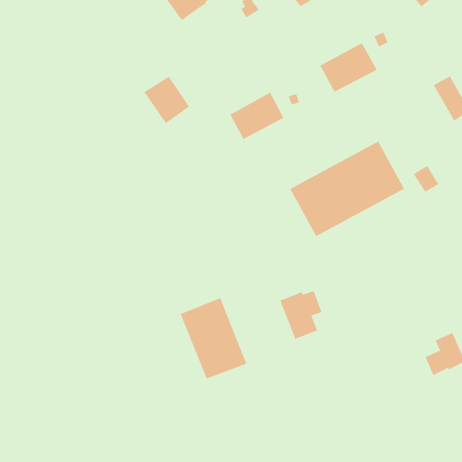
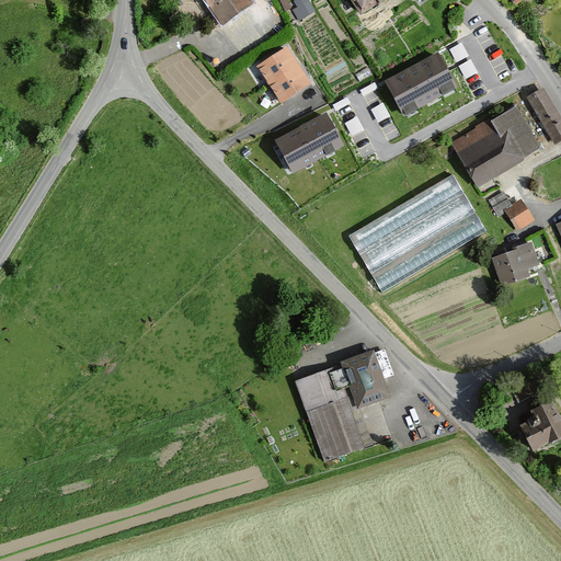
building: [144,76,190,124] -> [252,48,308,106]
building: none -> [458,105,542,182]
building: none -> [489,242,538,287]
building: [180,298,247,379] -> [290,363,371,461]

